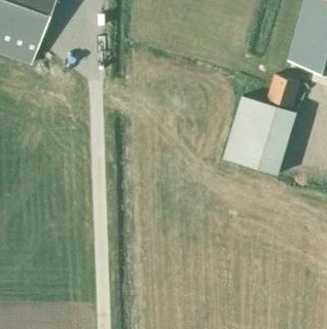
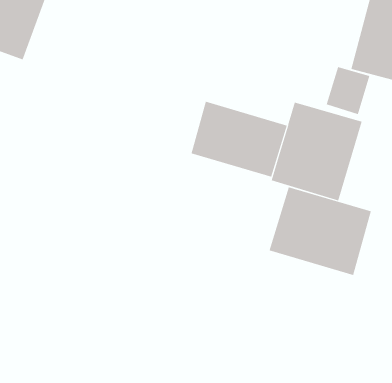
building: none -> [191,101,287,177]
building: none -> [269,187,372,276]

